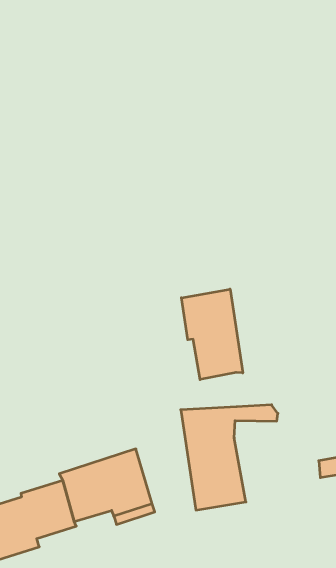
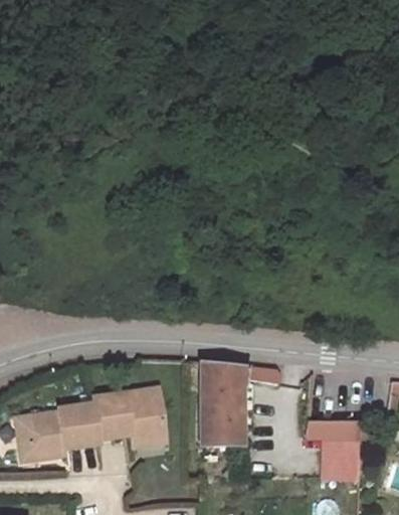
building: [181,289,243,380] -> none

